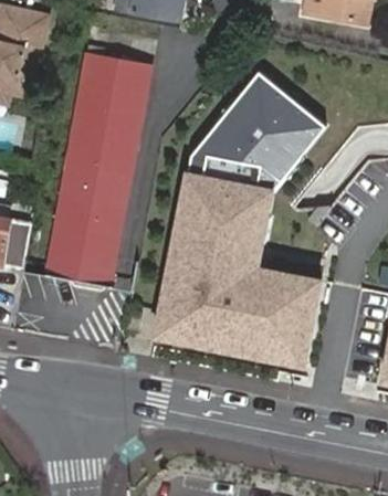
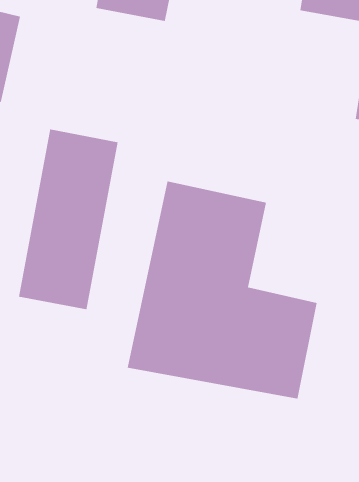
building: [77,55,153,134] -> none
building: [185,72,327,189] -> none

